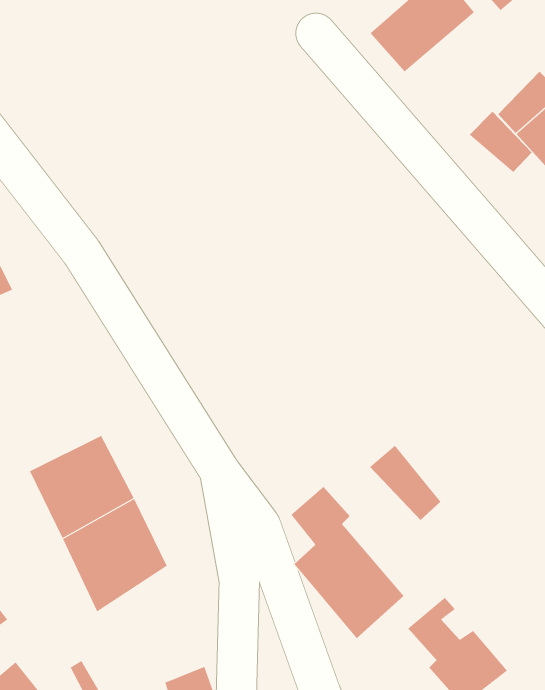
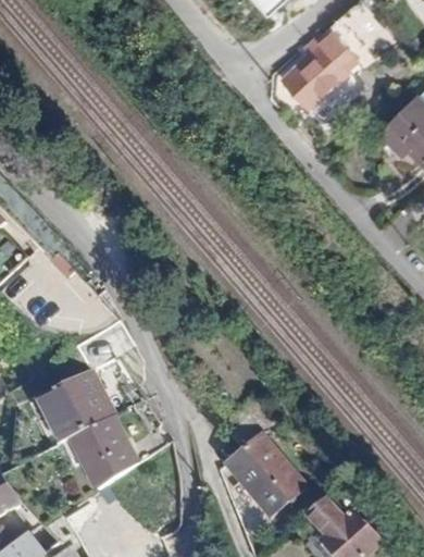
building: [469,111,532,173] -> none
building: [369,445,441,521] -> none

